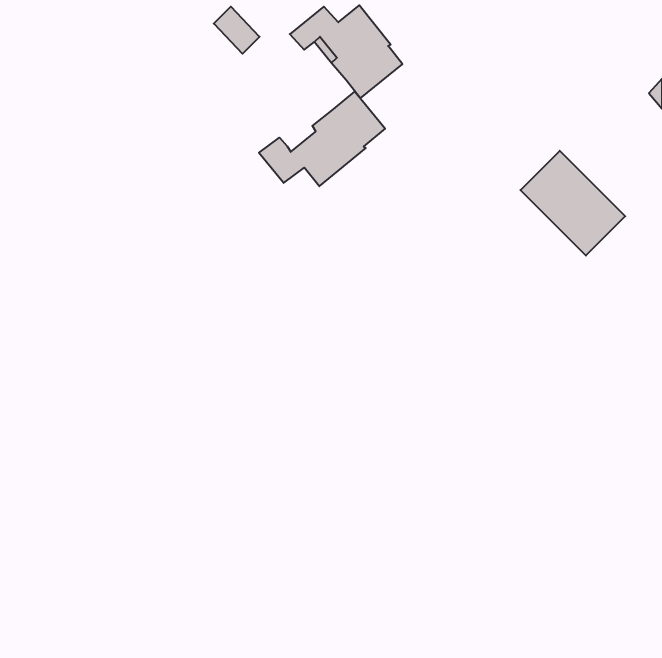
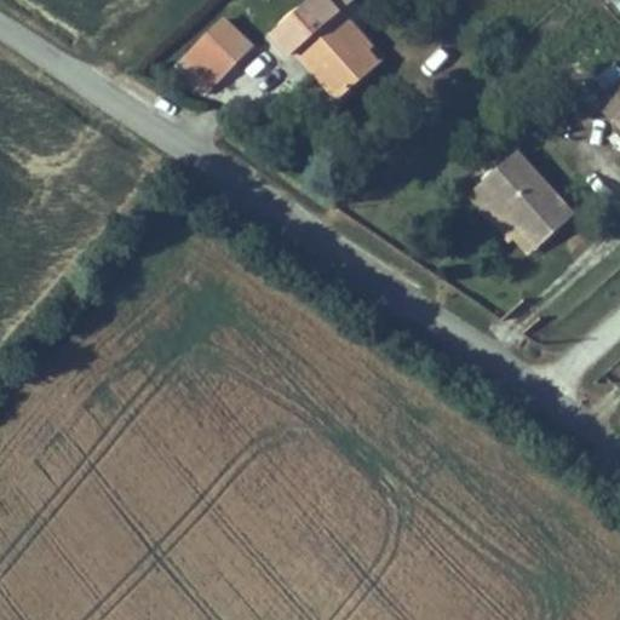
building: none -> [176,33,224,81]
building: [259,91,385,186] -> none

